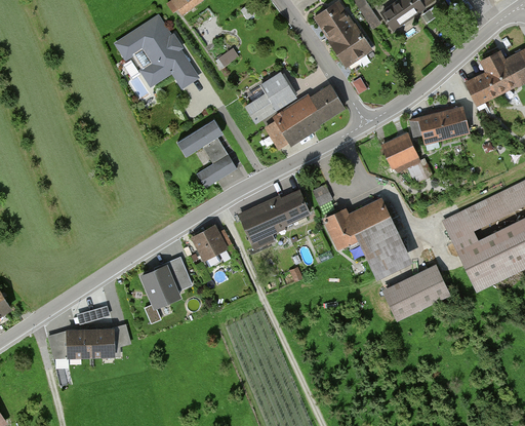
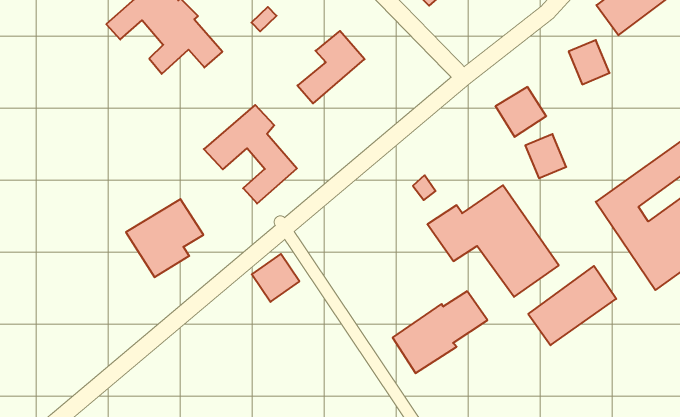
building: [268,86,344,149] -> none
building: [419,113,446,143] -> [525,134,566,178]
building: [240,191,309,243] -> [393,291,487,373]
building: [139,257,194,309] -> [126,199,203,277]

